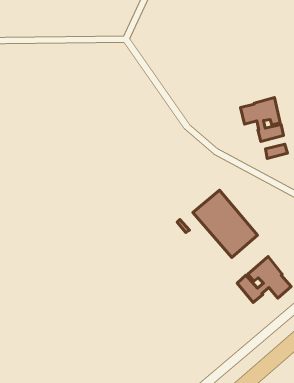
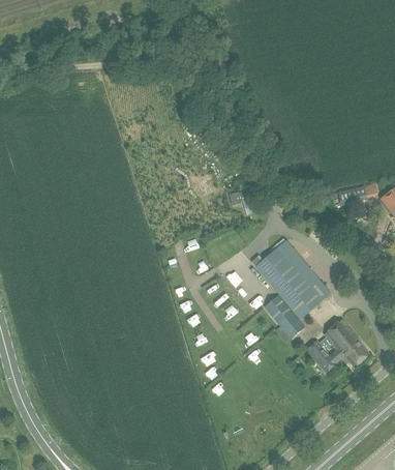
building: [241,98,283,142] -> none
building: none -> [265,296,303,337]

